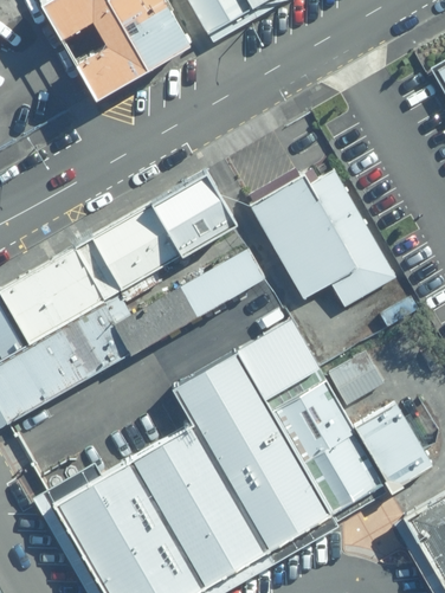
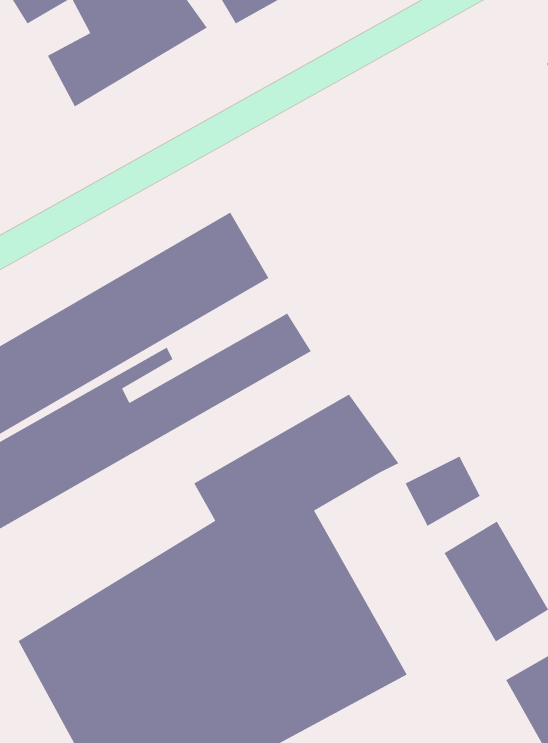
building: [247,170,399,310] -> none
building: [265,368,381,515] -> none

